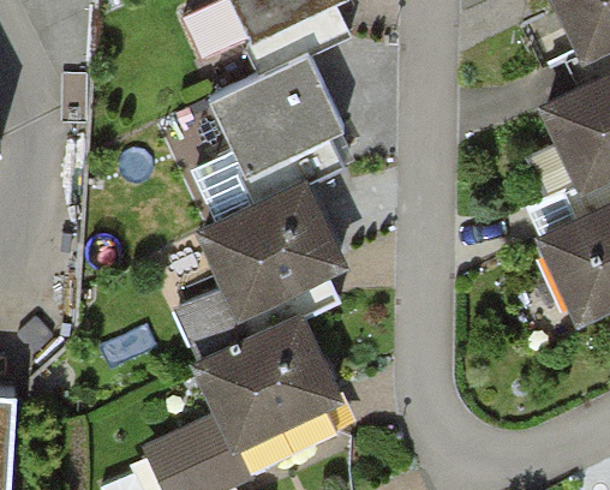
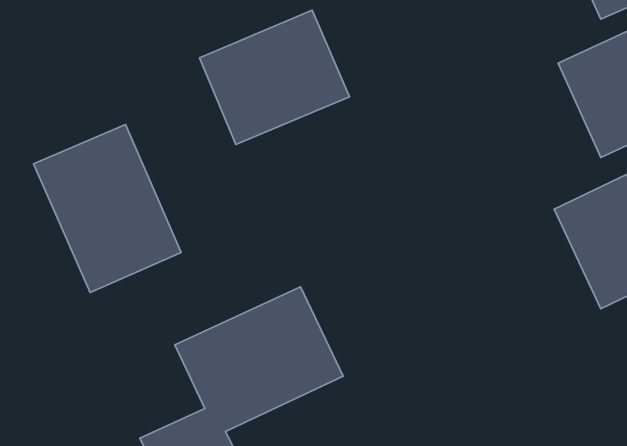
building: none -> [34,125,181,293]
building: [196,180,353,321] -> none

